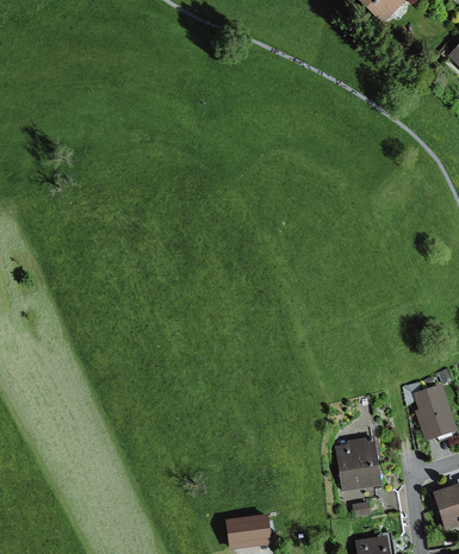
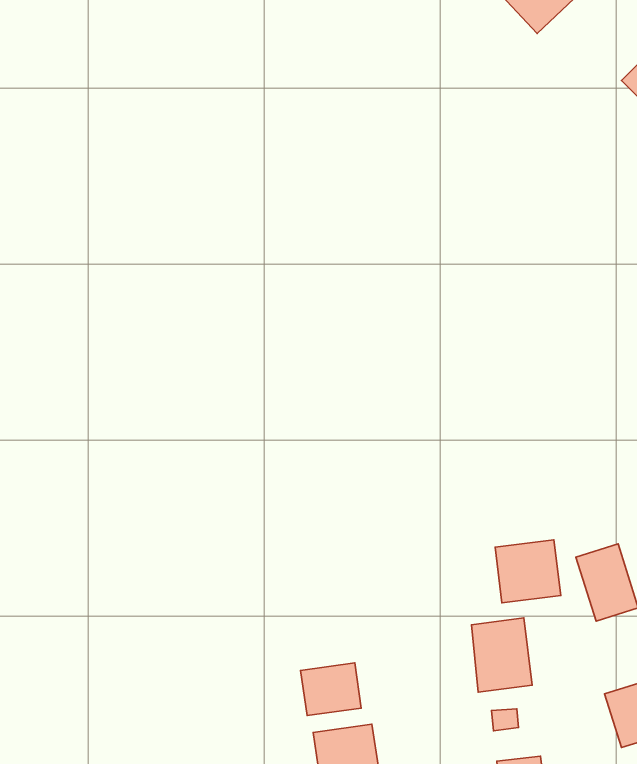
building: none -> [495,540,561,603]
building: none -> [301,663,361,716]

